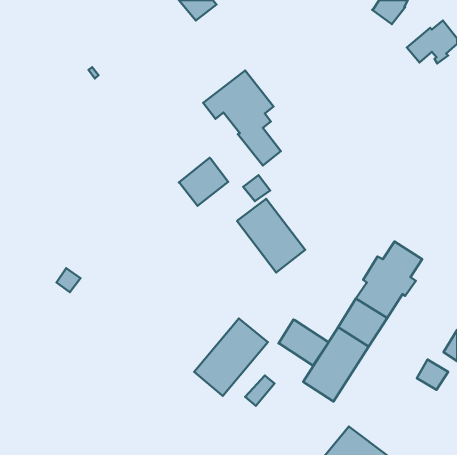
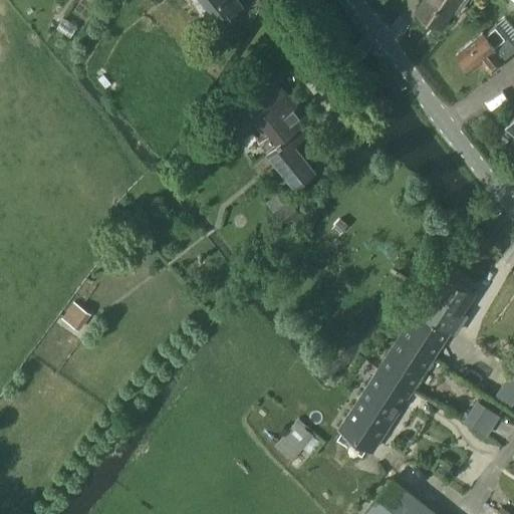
building: [179,158,228,206] -> none
building: [237,199,305,272] -> none
building: [194,318,268,396] -> none
building: [278,319,328,365] -> none

